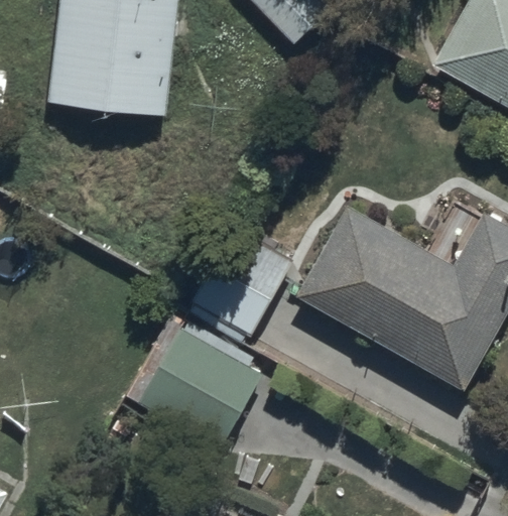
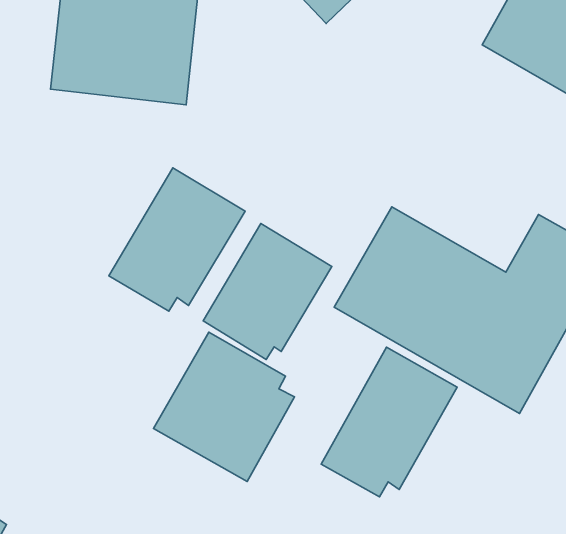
building: none -> [109,168,245,311]
building: none -> [321,347,457,497]

